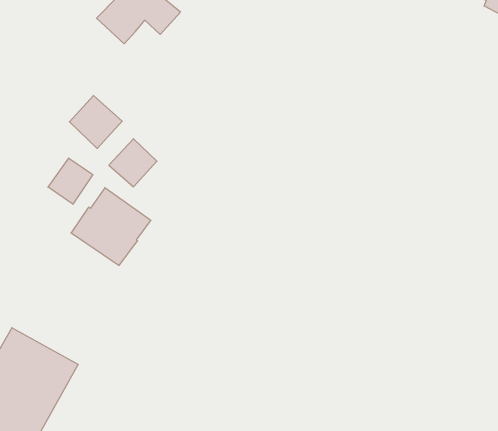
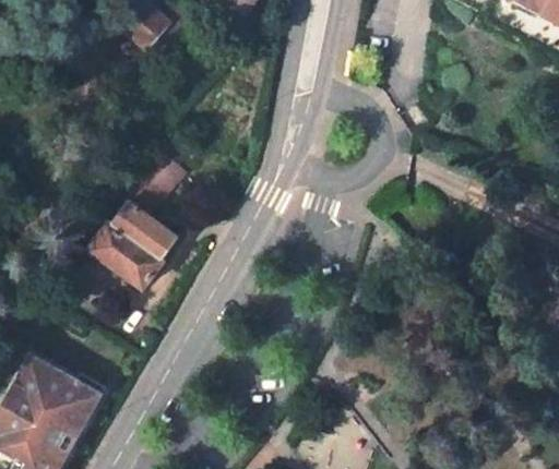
building: [69,96,122,148] -> none
building: [48,158,93,204] -> none

